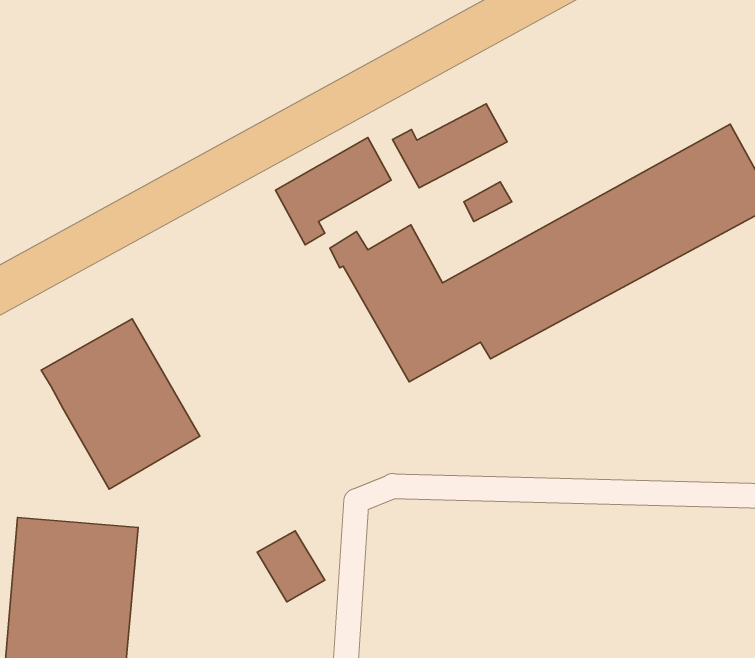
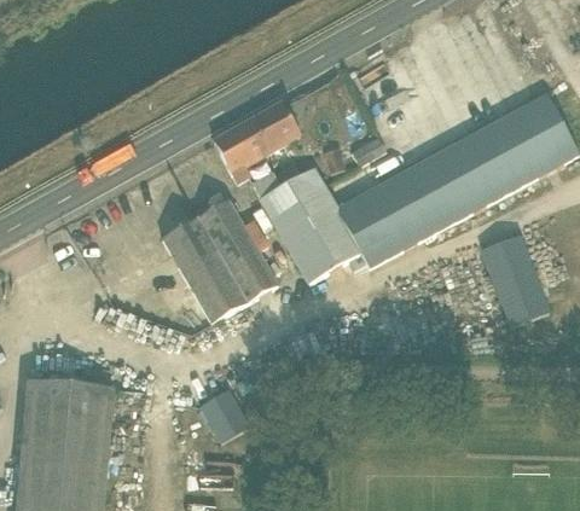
building: [392,104,507,188] -> none
building: none -> [481,234,549,325]
building: [41,319,200,489] -> [162,199,278,324]

